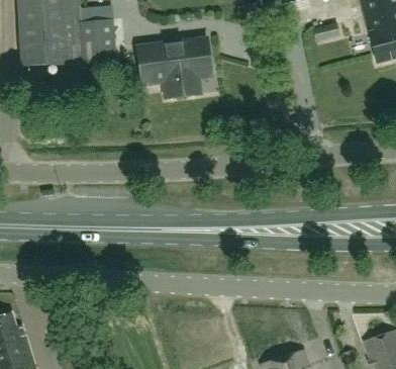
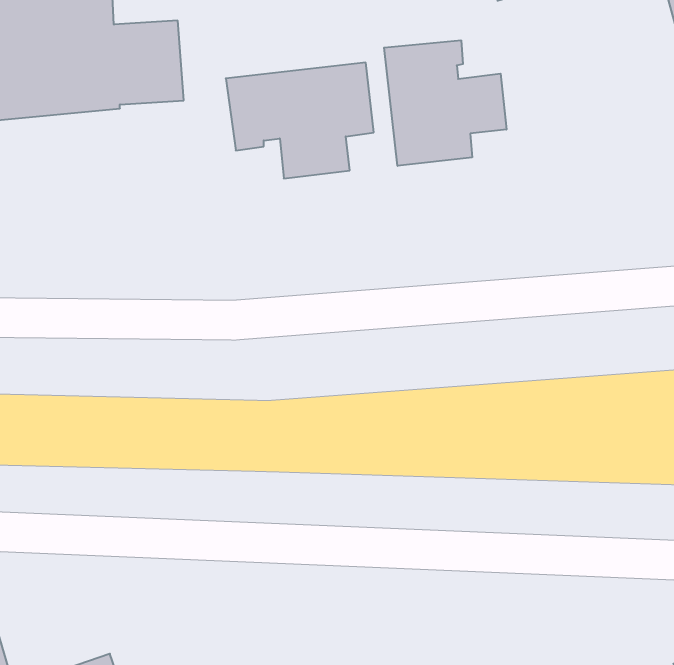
building: none -> [384,40,506,166]

